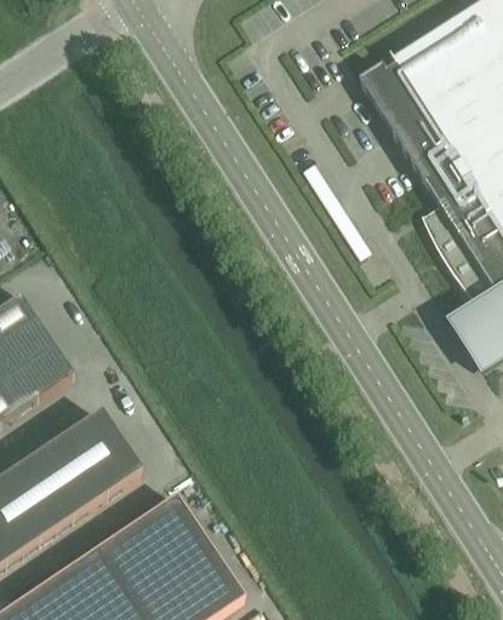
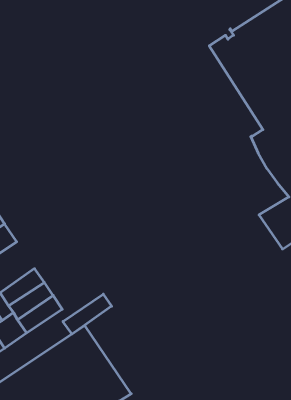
building: none -> [63,294,112,334]

